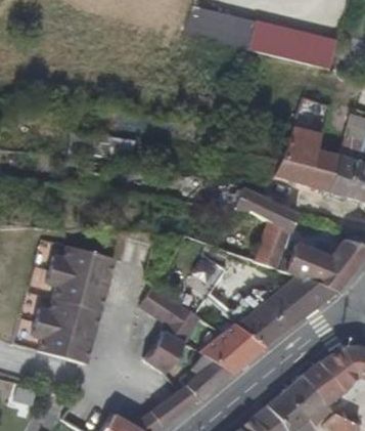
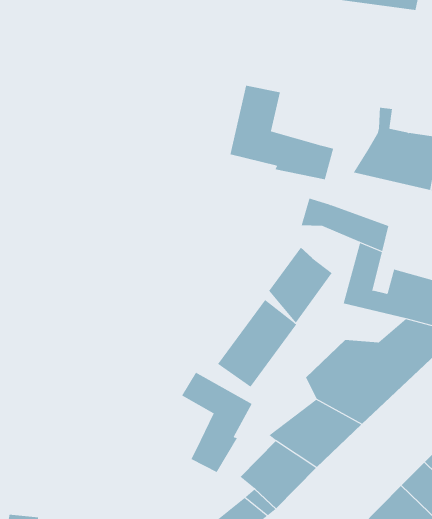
building: none -> [230,85,334,180]
building: none -> [269,247,333,323]
building: [37,252,113,367] -> none

